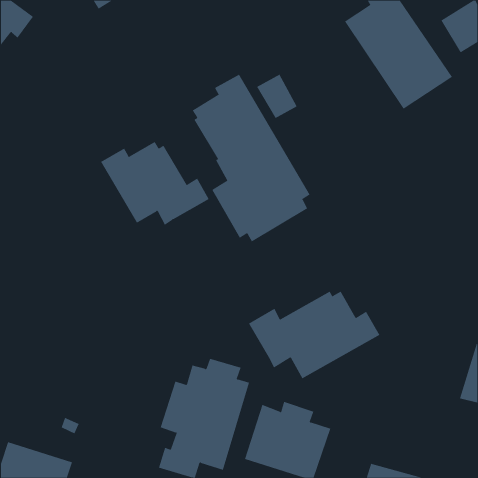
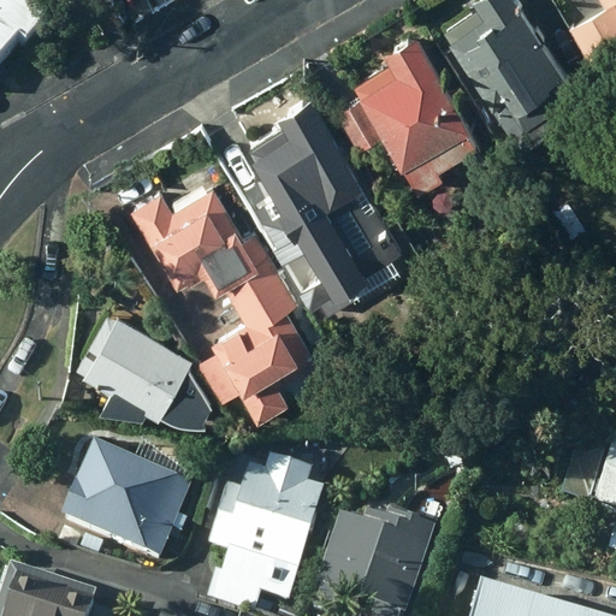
building: none -> [354,32,473,188]
building: none -> [196,256,334,422]
building: none -> [75,313,209,422]
building: [248,291,380,379] -> none
building: none -> [53,449,189,565]

